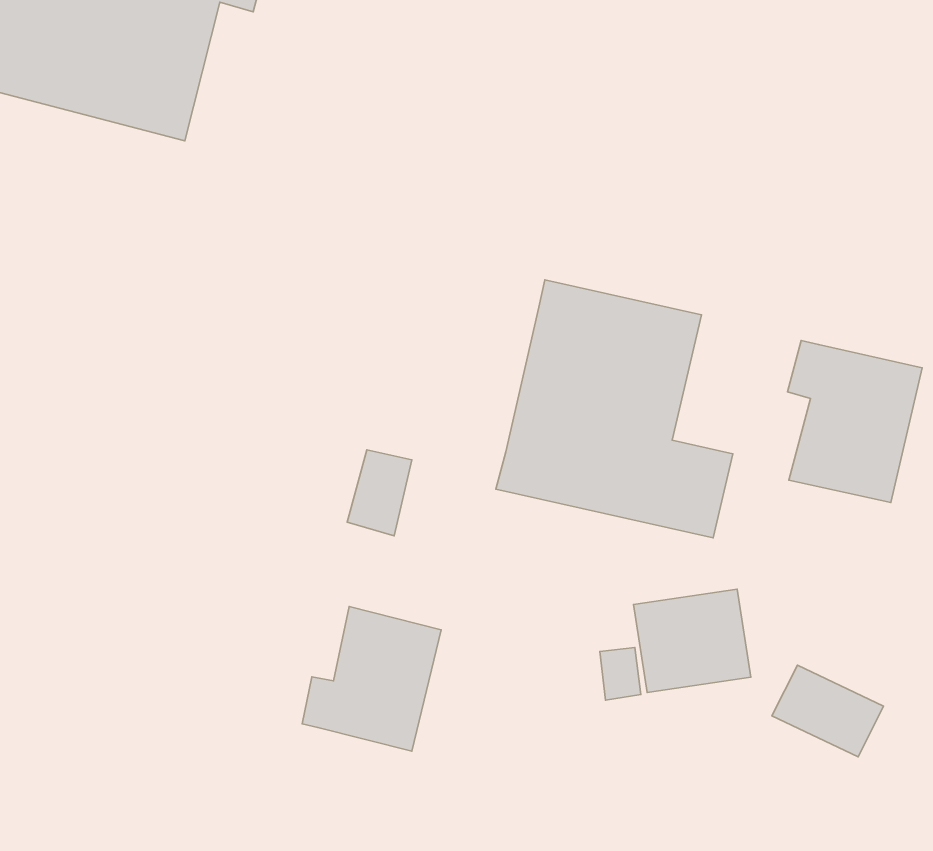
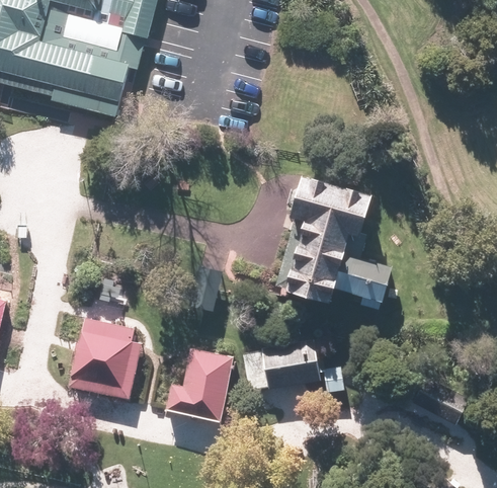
building: [787,340,922,502] -> none
building: none -> [68,318,143,400]
building: [633,589,751,693] -> [259,338,320,392]

